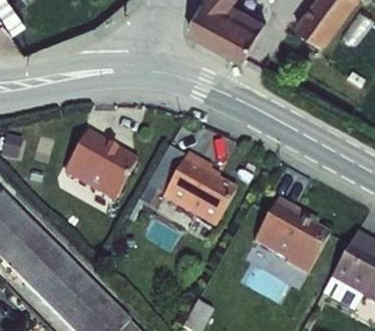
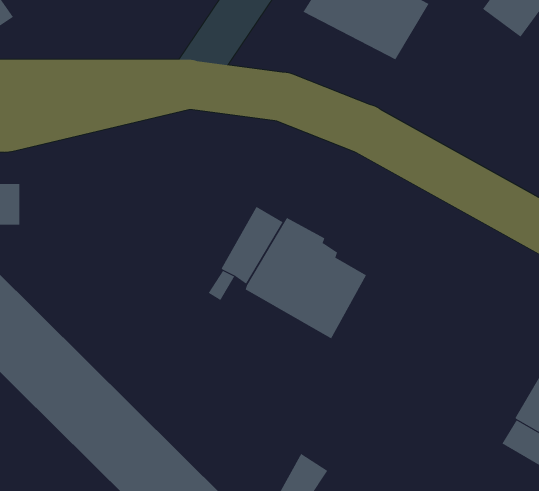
building: [63,134,133,199] -> none
building: [251,202,329,278] -> none

